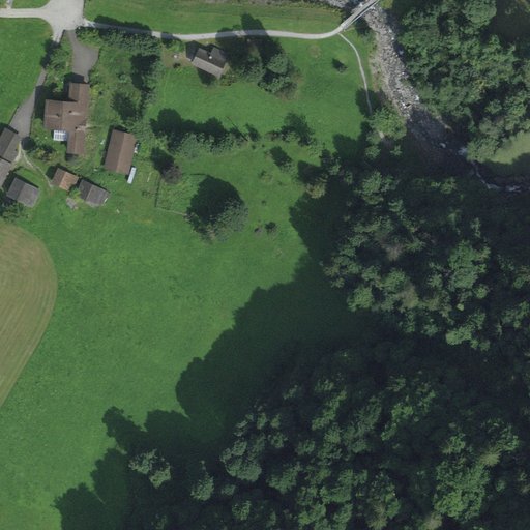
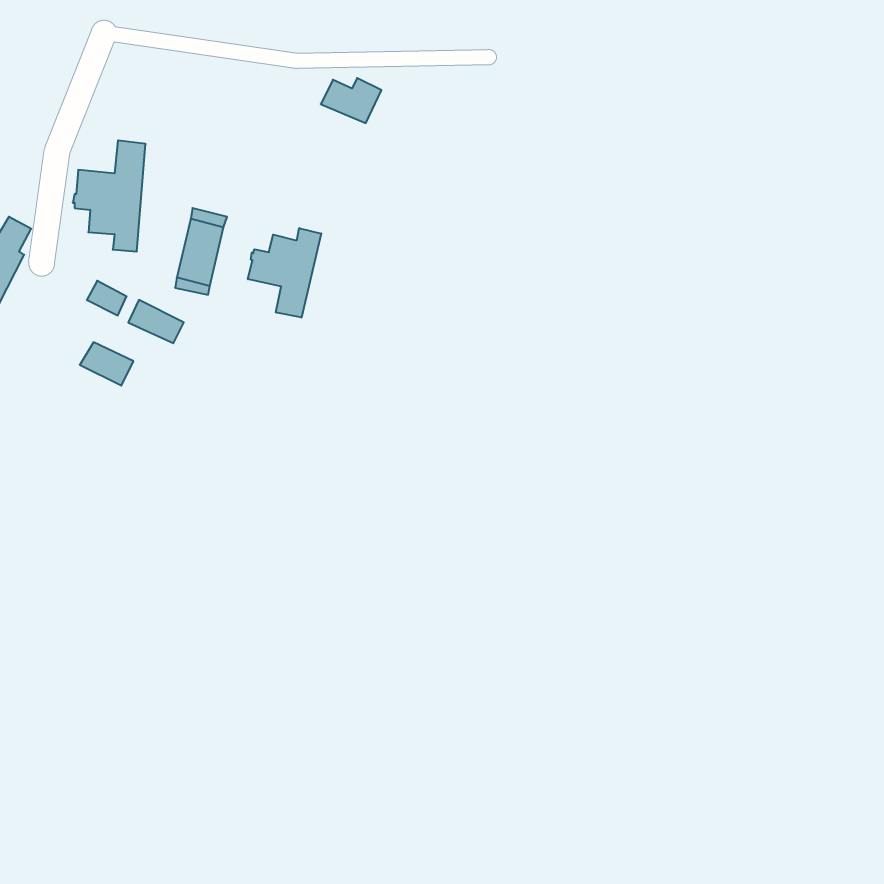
building: none -> [248,228,321,318]
building: [7,178,39,204] -> [80,342,133,386]

